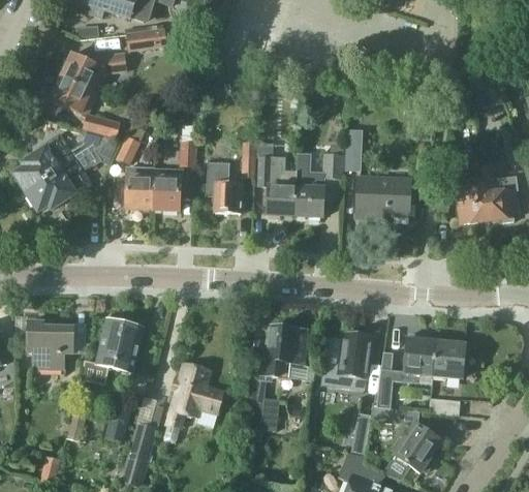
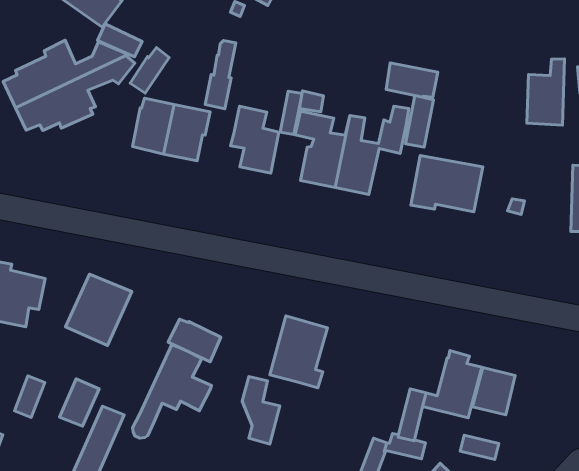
building: none -> [386,63,438,97]
building: [456,165,490,222] -> [527,59,564,125]
building: [322,331,372,390] -> none
building: none -> [168,319,221,362]

